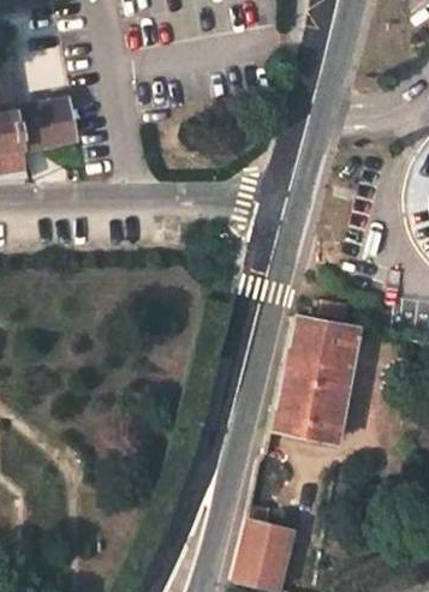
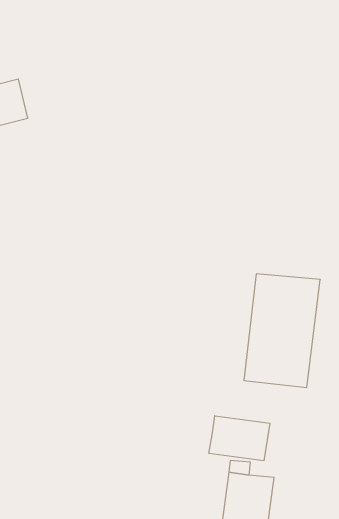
building: none -> [209,416,270,461]

